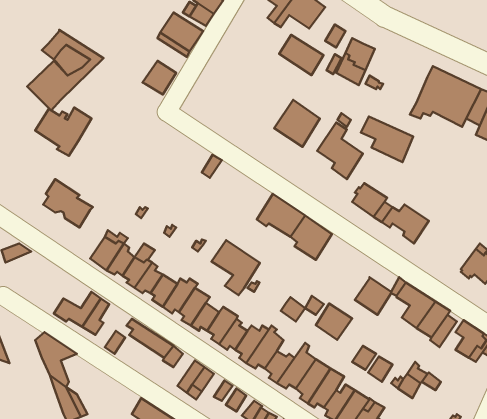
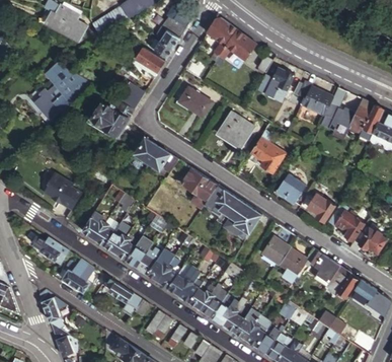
building: [279,35,323,75] -> [179,87,213,118]
building: [35,108,92,156] -> [92,101,135,138]
building: [361,116,413,162] -> [295,81,334,116]
building: none -> [136,138,170,169]
building: none -> [328,203,366,241]
building: [212,240,260,295] -> [181,167,218,209]
building: none -> [31,233,66,264]
building: [316,304,352,340] -> [263,237,291,265]

